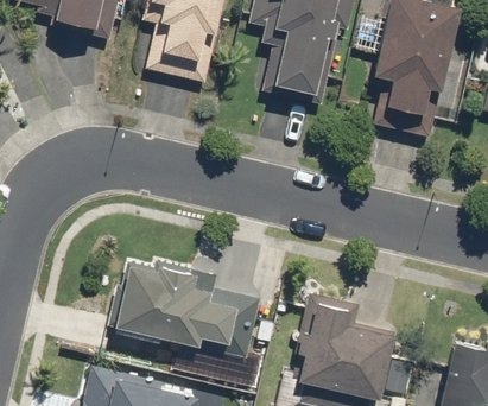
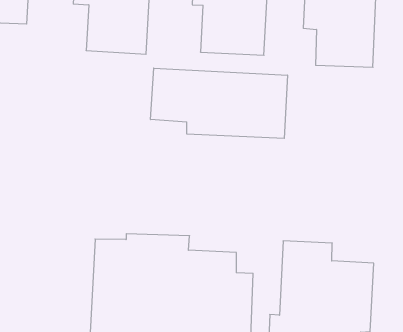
building: none -> [151,68,287,138]

